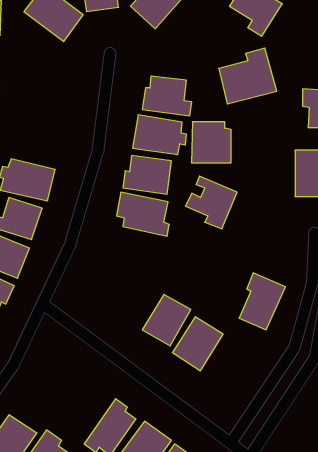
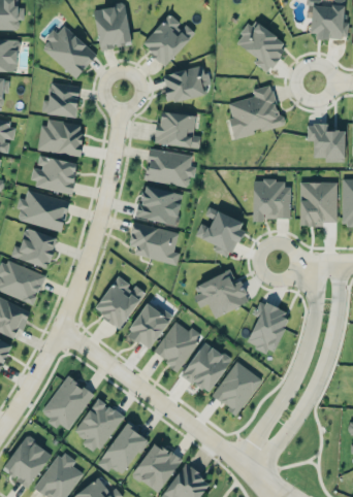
building: none -> [162,66,210,102]
building: none -> [42,82,81,118]
building: none -> [39,119,84,157]
building: [191,122,231,163] -> [253,180,291,220]
building: none -> [32,156,78,194]
building: none -> [192,271,250,318]
building: none -> [94,276,146,329]
building: none -> [126,301,172,351]
building: none -> [212,361,262,415]
building: none -> [40,376,94,430]
building: none -> [74,398,123,455]

